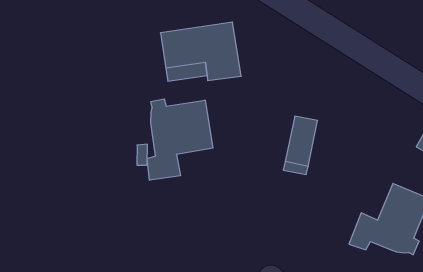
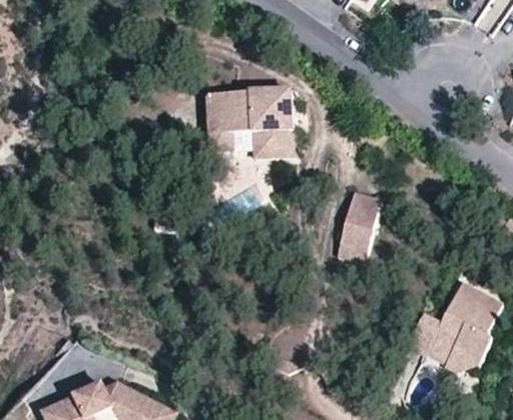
building: [147,99,213,180] -> none

